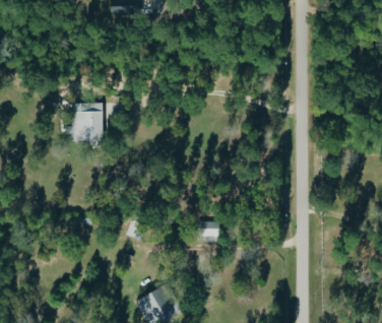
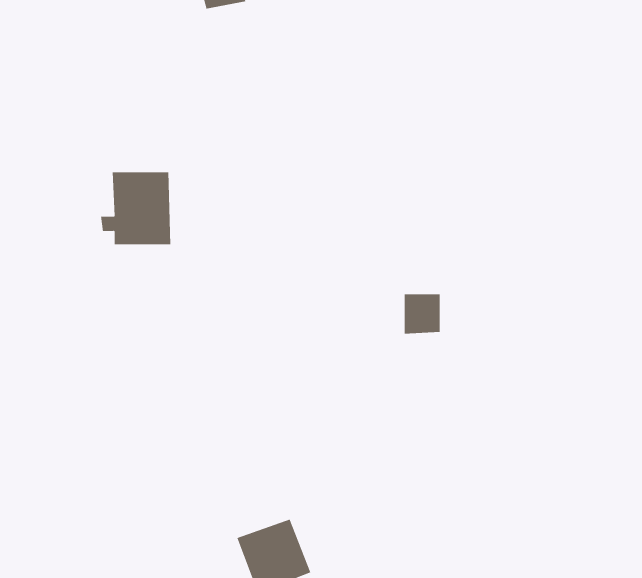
building: [199,222,218,244] -> [404,294,440,334]

